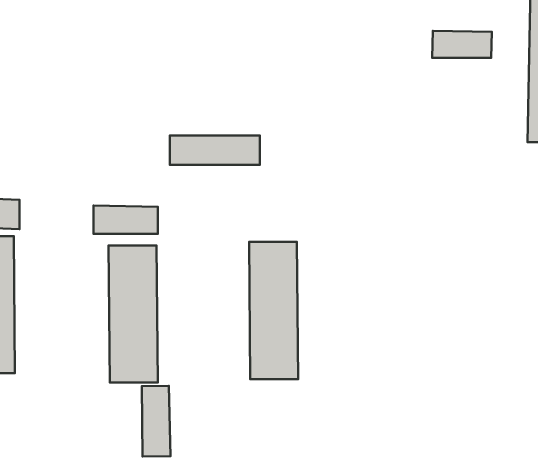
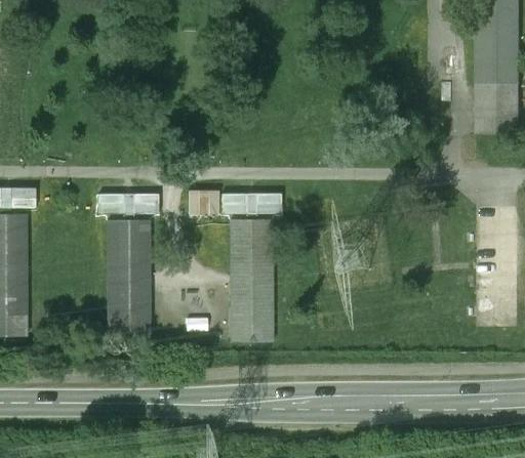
building: [432,31,492,58] -> none
building: [170,135,260,165] -> [203,189,282,214]
building: [142,386,171,456] -> none

